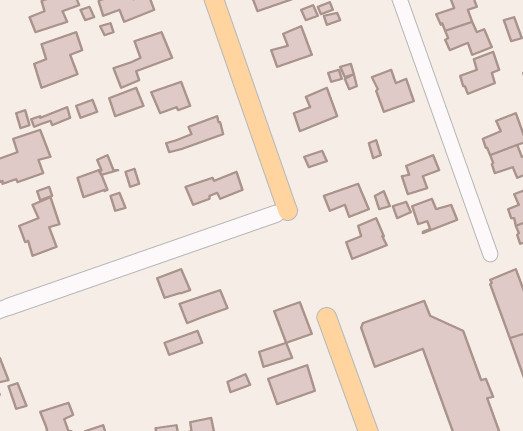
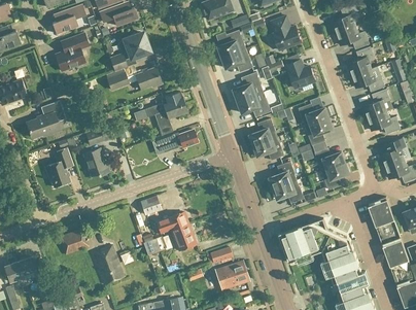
building: none -> [270,15,301,49]
building: none -> [221,48,252,71]
building: none -> [352,66,384,91]
building: none -> [237,91,270,116]
building: none -> [147,103,187,135]
building: none -> [298,103,331,127]
building: none -> [249,117,277,145]
building: none -> [82,147,109,175]
building: none -> [321,162,349,190]
building: none -> [273,179,304,203]
building: [274,302,312,343] -> [170,222,196,250]
building: none -> [59,229,88,254]
building: none -> [92,245,124,284]

